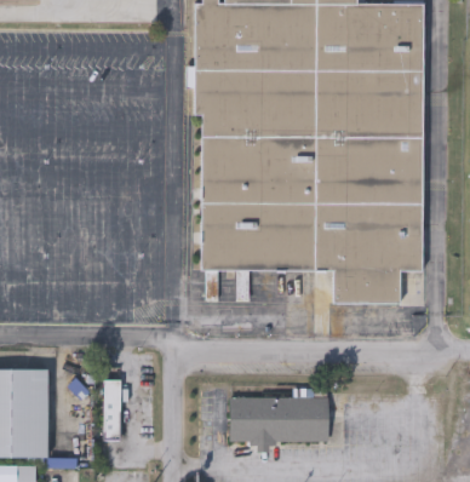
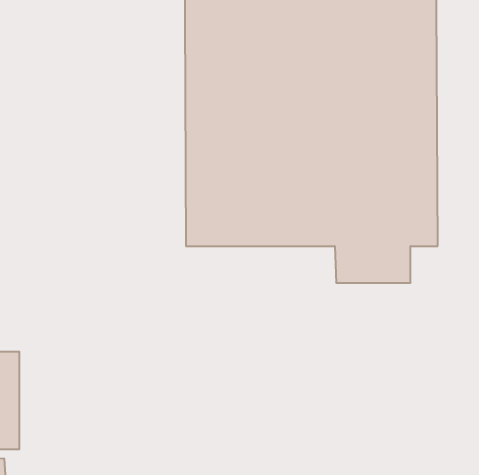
building: [105,377,122,436] -> none
building: [231,392,329,438] -> none

